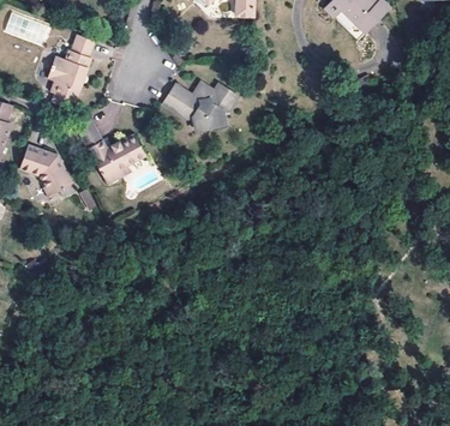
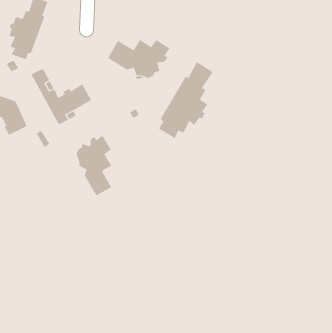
building: none -> [158,61,214,139]
building: none -> [76,135,112,196]

